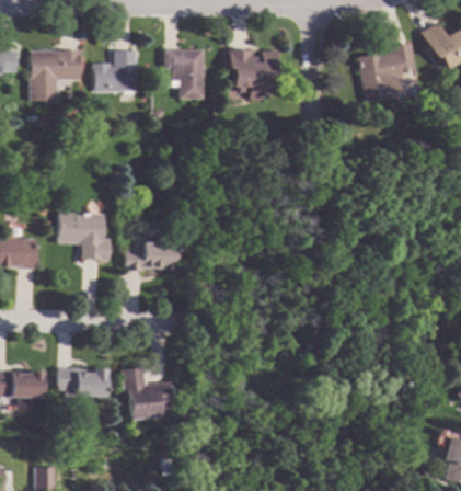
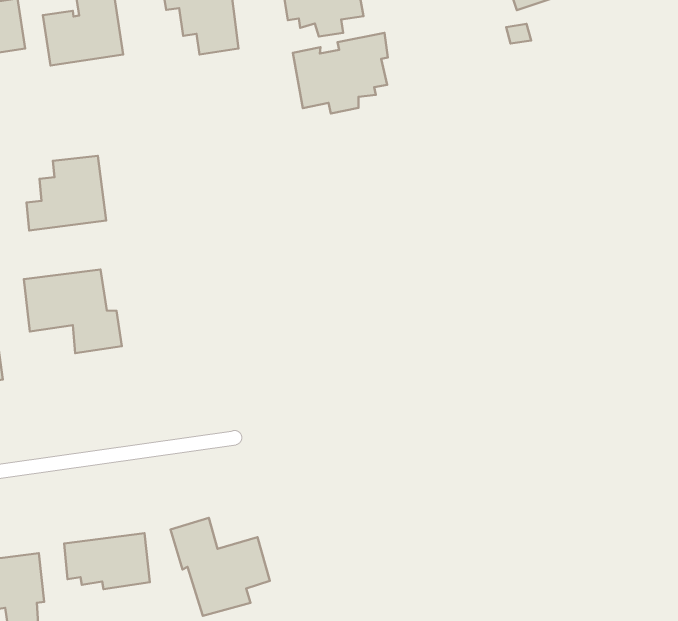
building: none -> [293,33,388,114]
building: none -> [27,156,106,230]
building: [125,236,175,269] -> none

